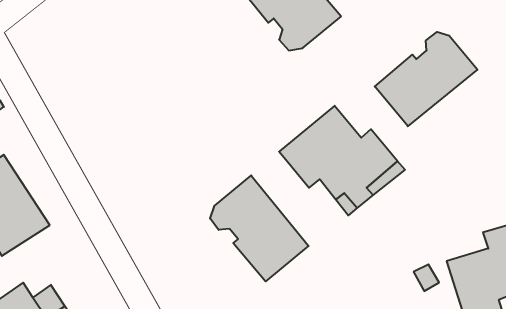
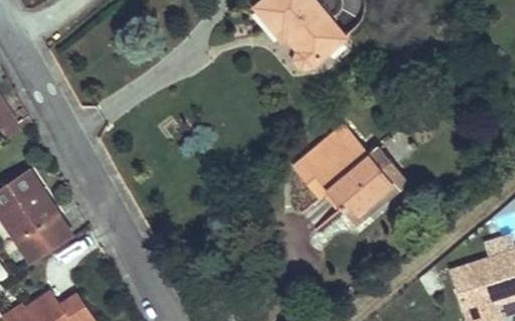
building: [375,32,477,126] -> none
building: [210,175,309,281] -> none

